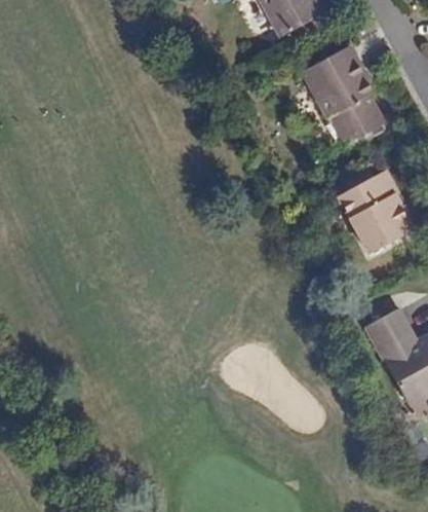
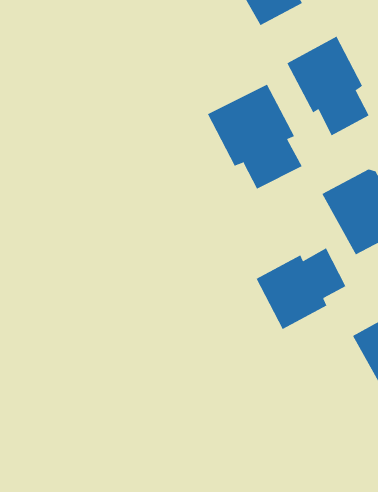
building: none -> [207,84,303,189]
building: none -> [256,248,346,330]

